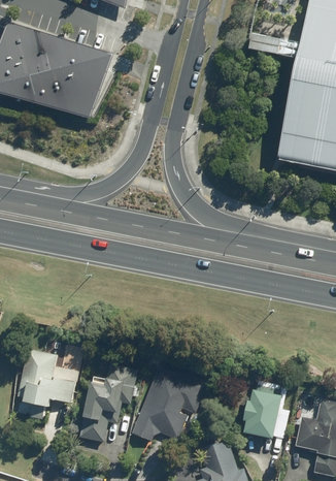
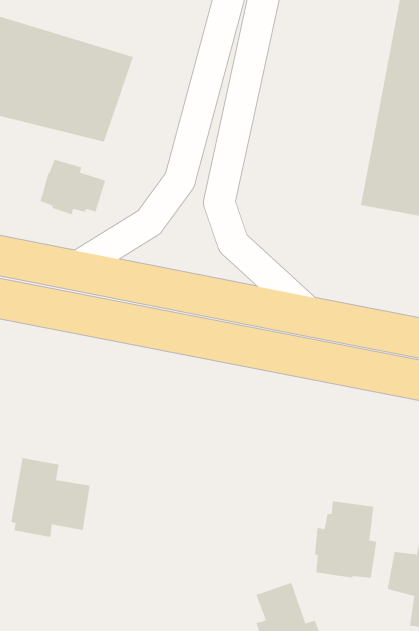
building: none -> [40,159,106,215]
building: [80,363,135,438] -> none
building: [133,363,207,441] -> none

